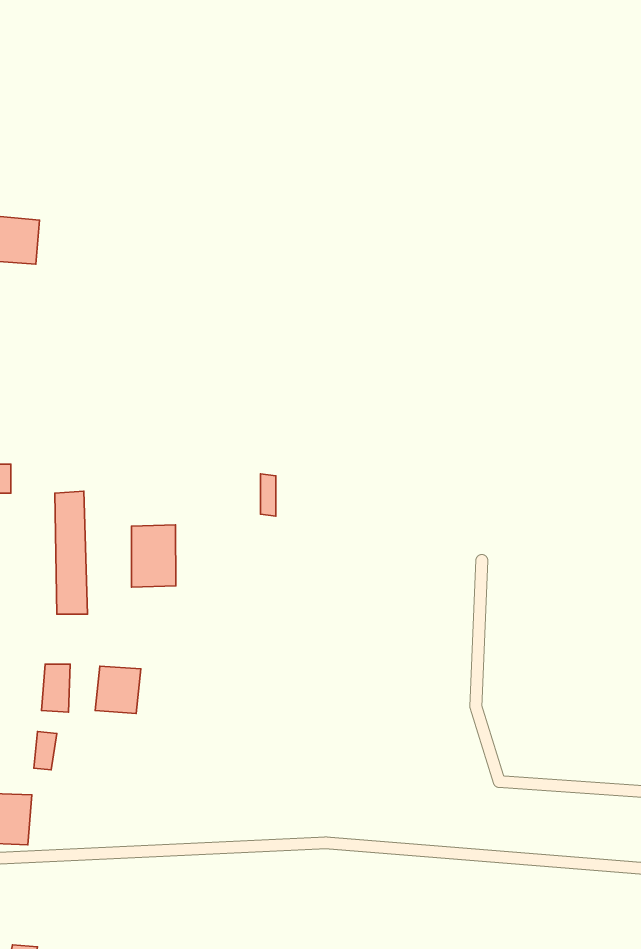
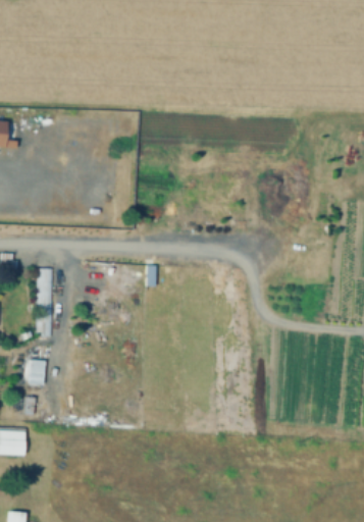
building: [131,525,176,587] -> none
building: [95,666,141,713] -> none

